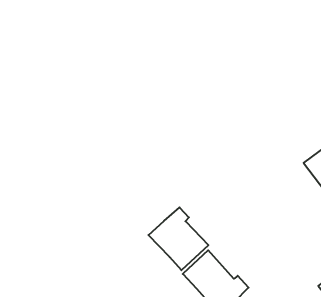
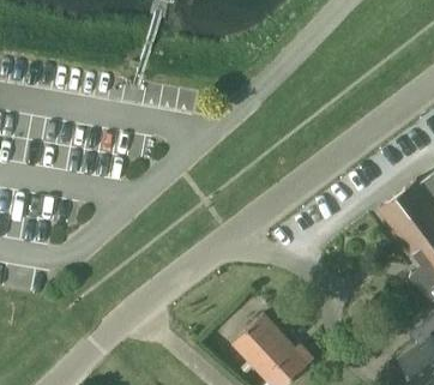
building: [148,207,208,270] -> none

